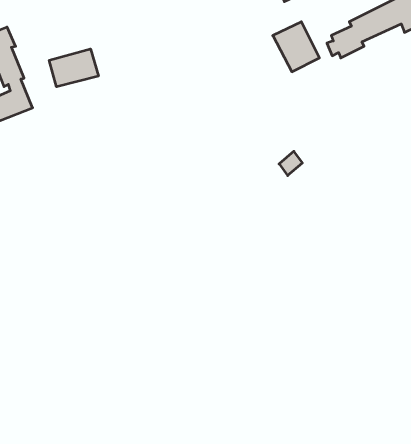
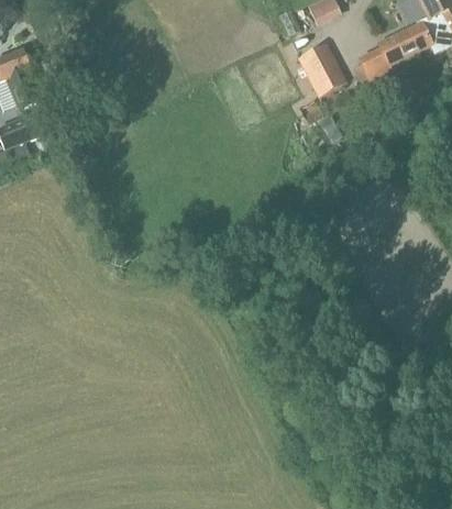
building: [49,49,98,87] -> none

